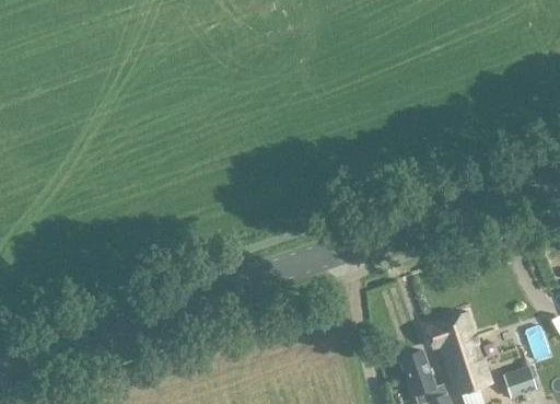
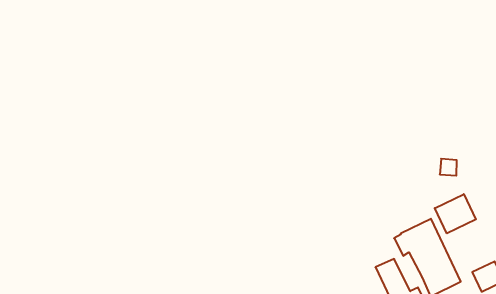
building: none -> [435,194,476,233]

